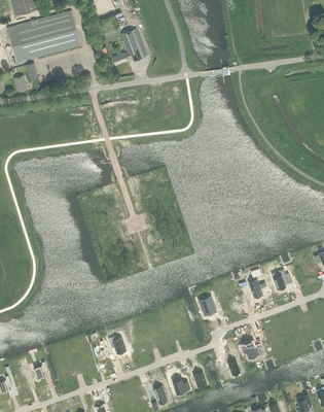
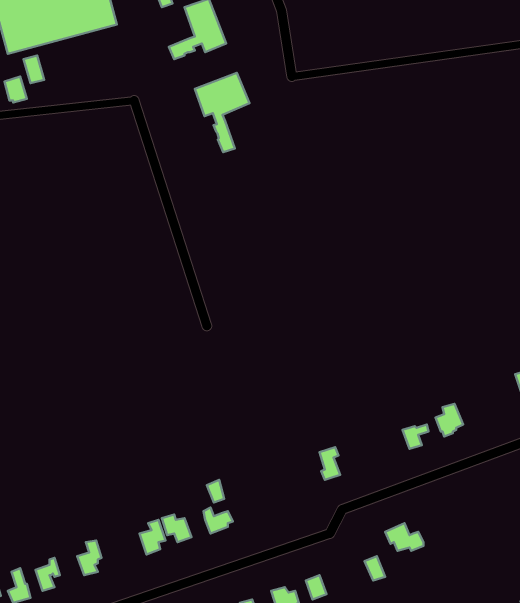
building: none -> [195,73,249,152]

